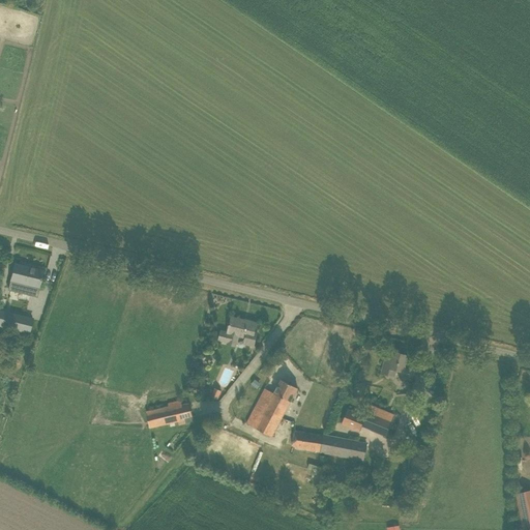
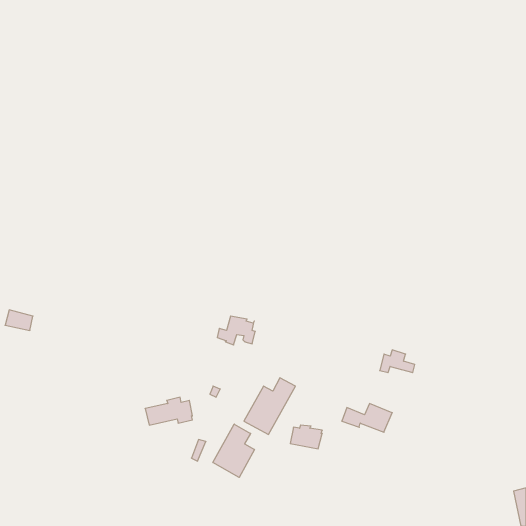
building: [8,264,42,298] -> none
building: none -> [213,424,254,477]
building: [320,436,366,460] -> none

